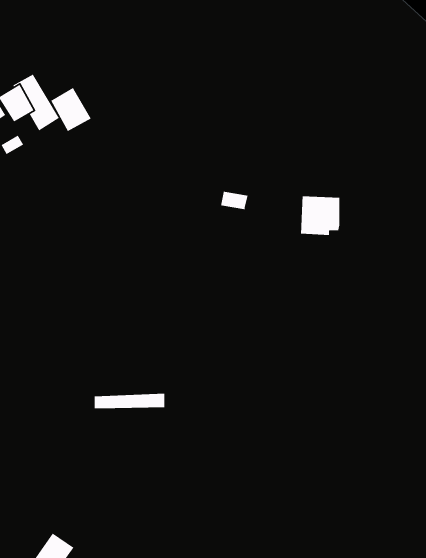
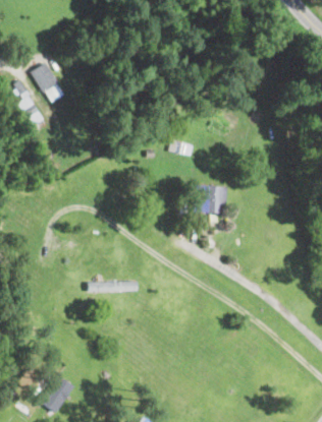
building: [50,87,92,132] -> none
building: [300,196,340,236] -> [199,186,226,214]

